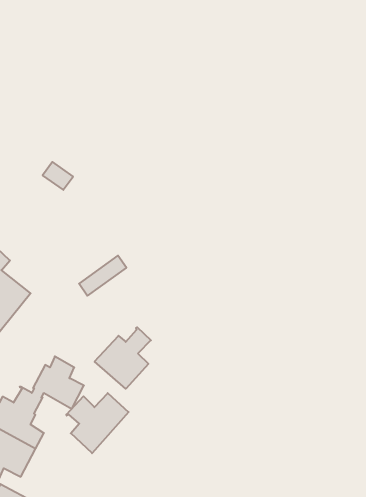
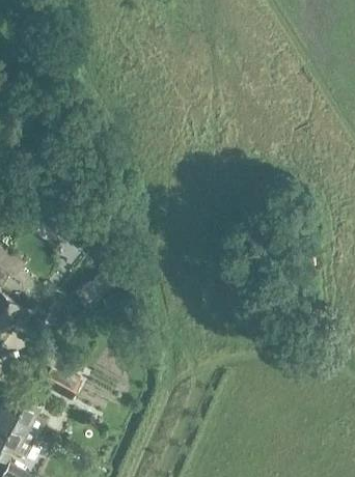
building: [95,327,151,389] -> none
building: [66,393,129,453] -> none

